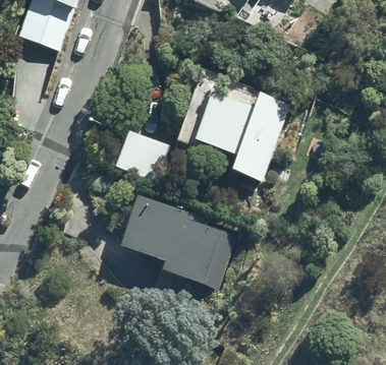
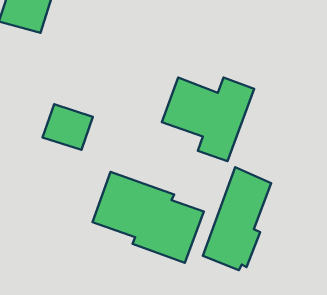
building: [117,130,171,179] -> [43,104,93,150]
building: none -> [203,167,271,270]

